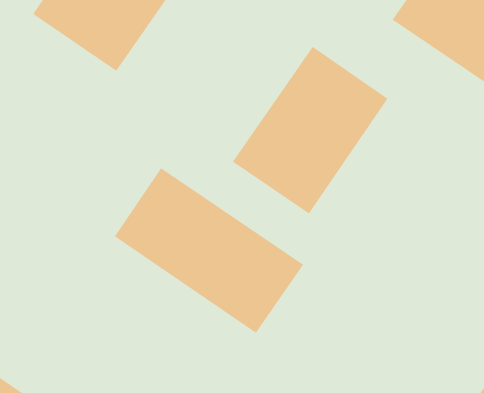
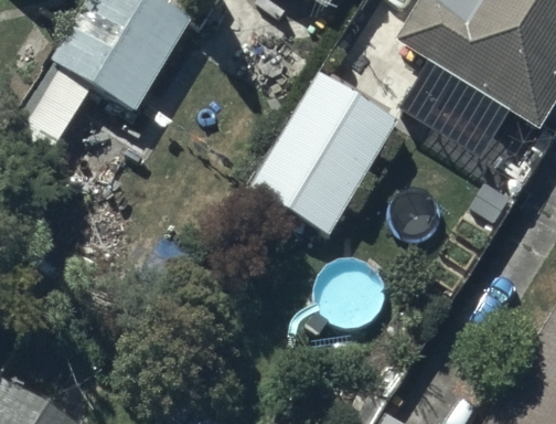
building: [114,167,304,334] -> none

